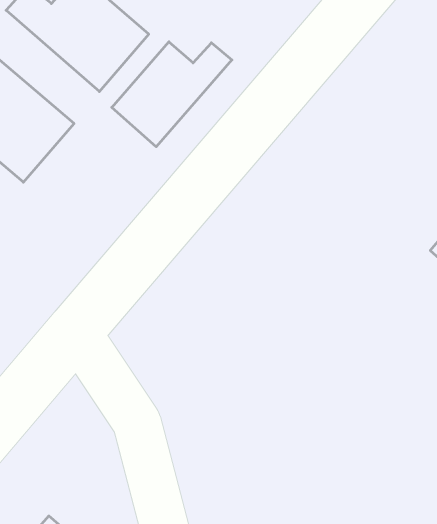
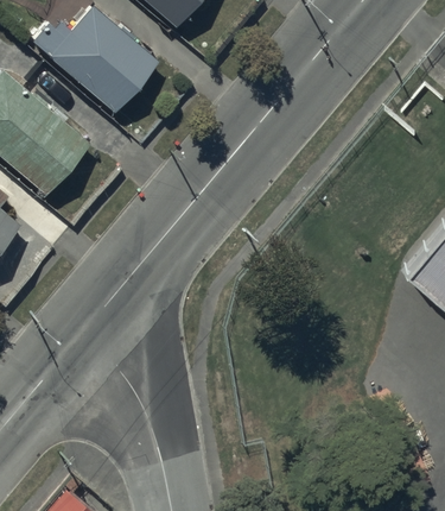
building: [112,42,232,147] -> none

